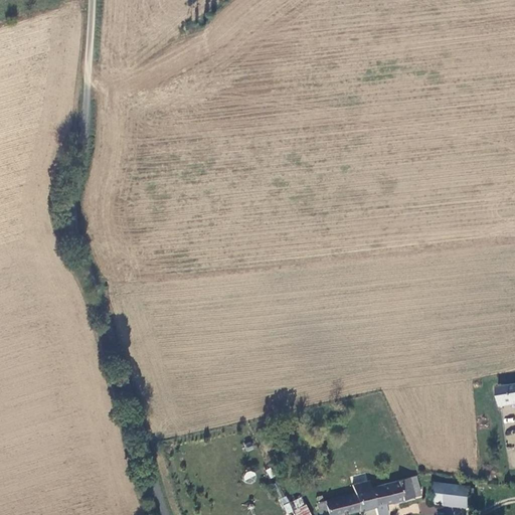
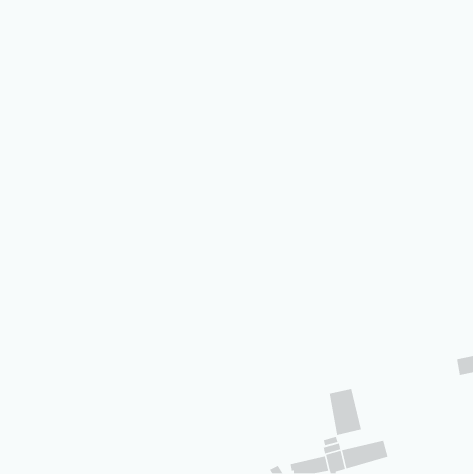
building: none -> [329,388,362,436]
building: [433,486,473,509] -> none

